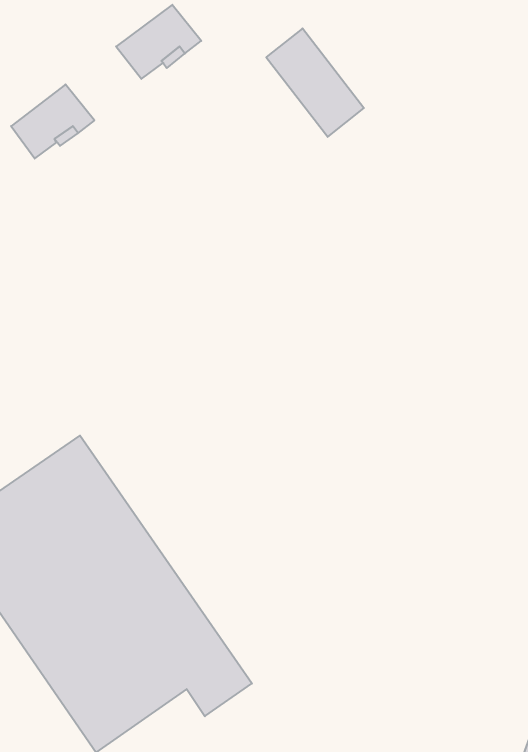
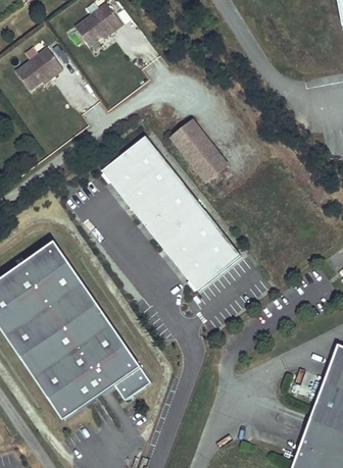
building: [266,28,364,137] -> [173,118,228,179]
building: none -> [104,137,243,291]

